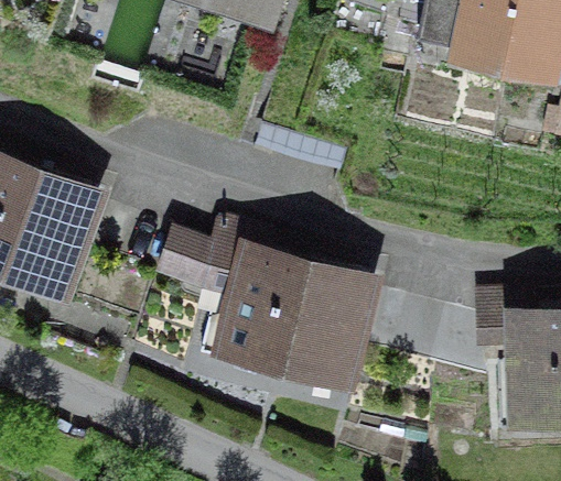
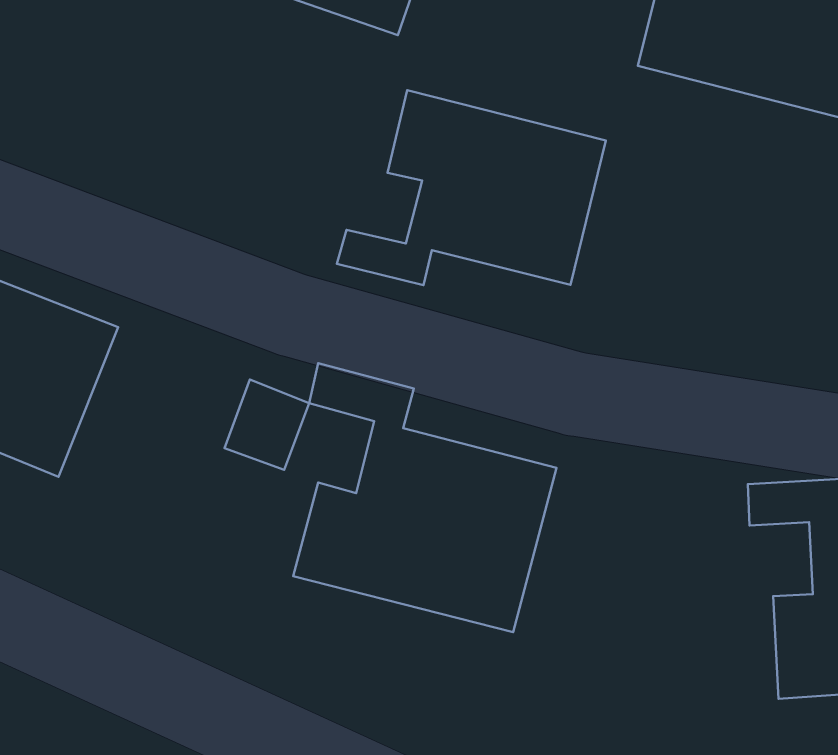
building: none -> [337,90,606,285]

